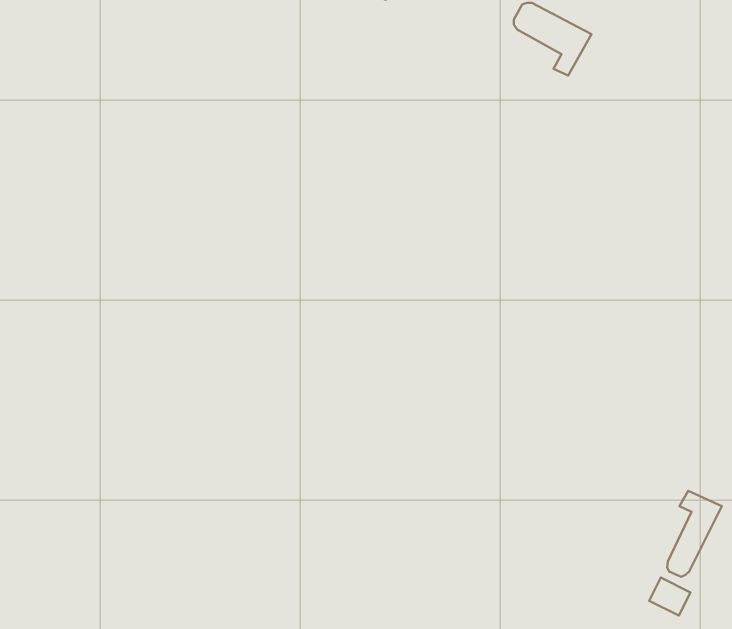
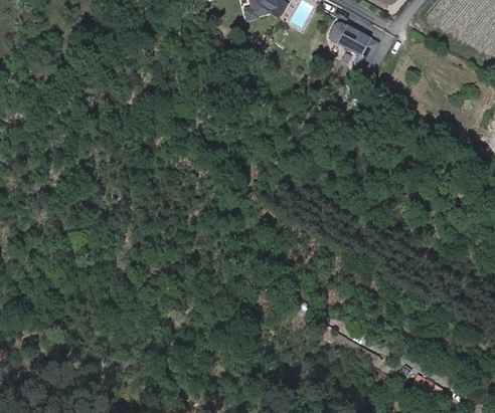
building: [667,491,722,577] -> none

